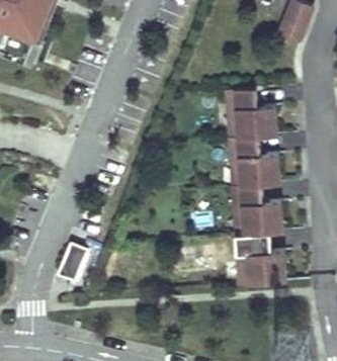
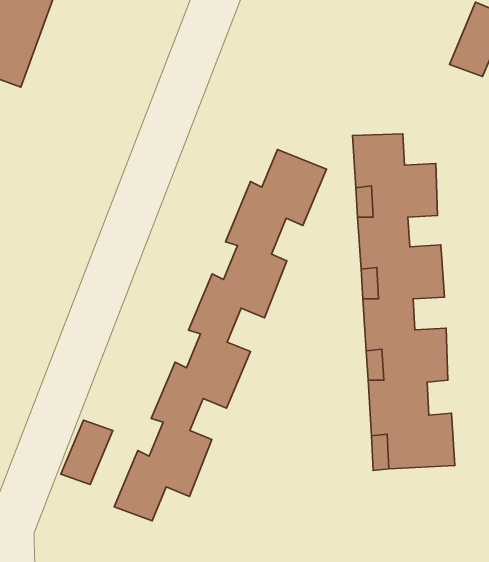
building: none -> [114,149,327,521]

